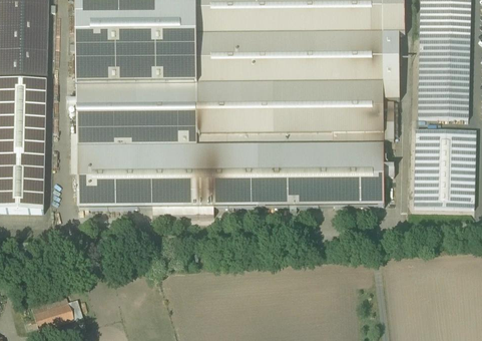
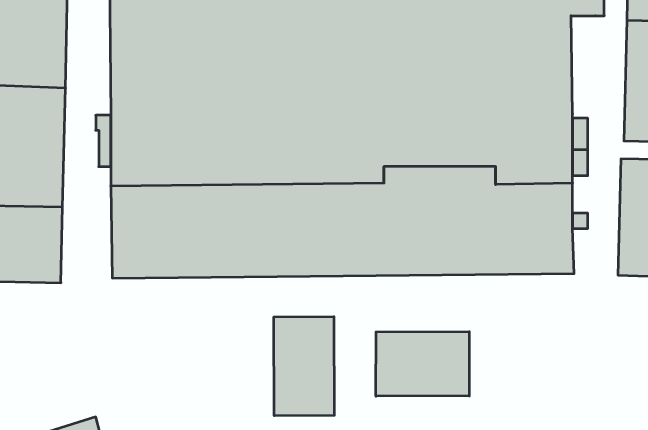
building: [382,31,399,96] -> none
building: none -> [274,317,334,416]
building: none -> [376,332,469,396]

